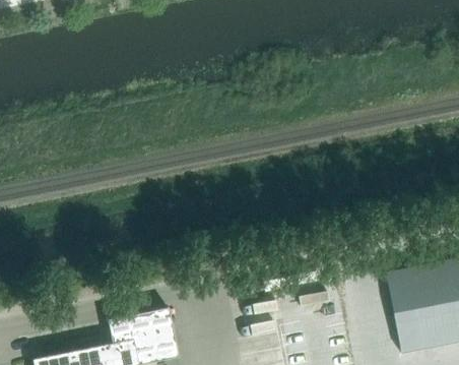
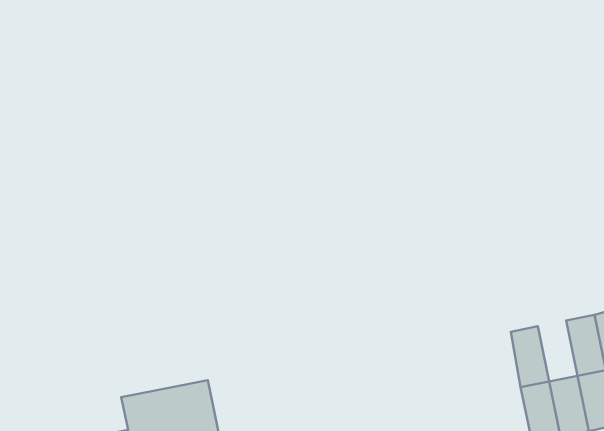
building: [405,263,434,307] -> none

